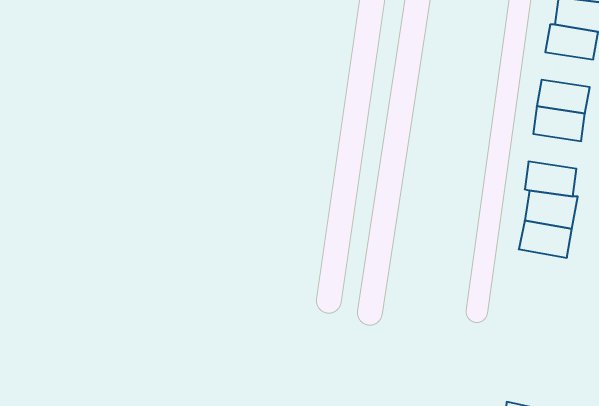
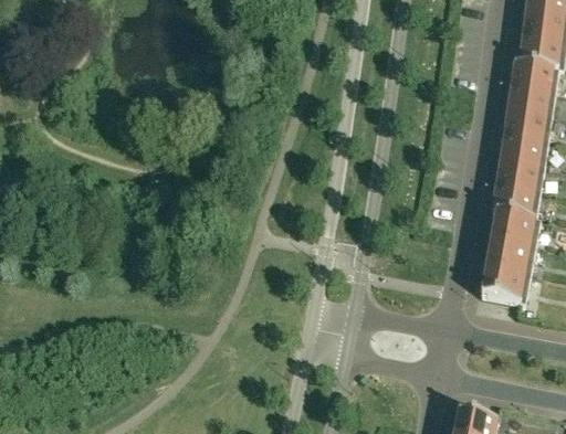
building: none -> [507,78,555,110]
building: none -> [495,154,544,186]
building: none -> [481,260,531,295]

